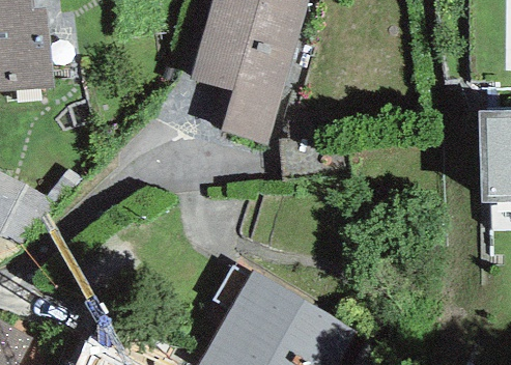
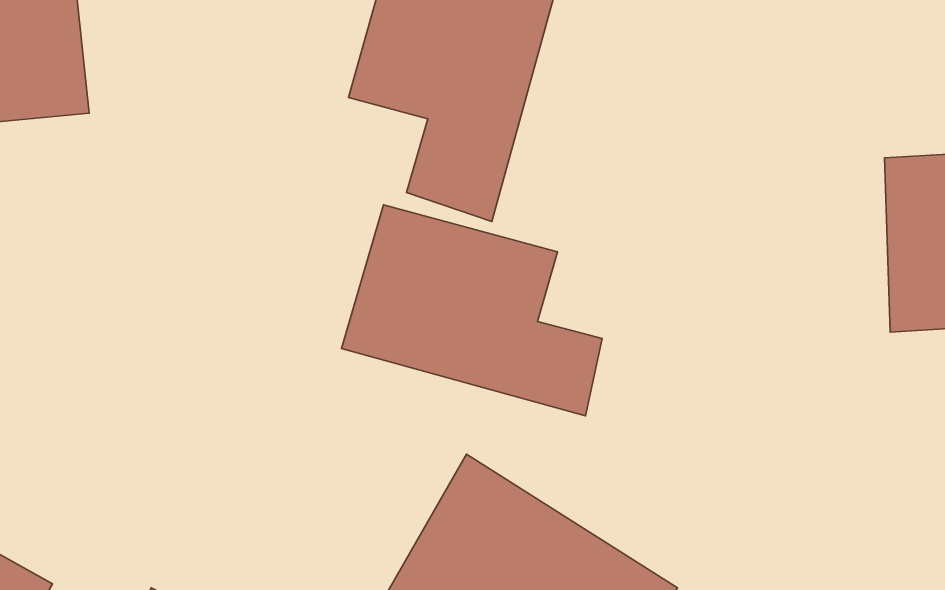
building: none -> [341,205,602,416]

